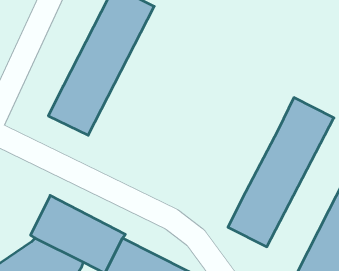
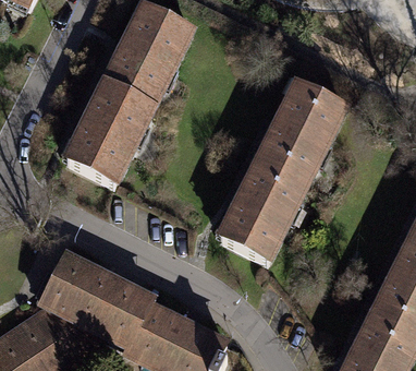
building: [228,98,334,247] -> [217,81,341,256]

